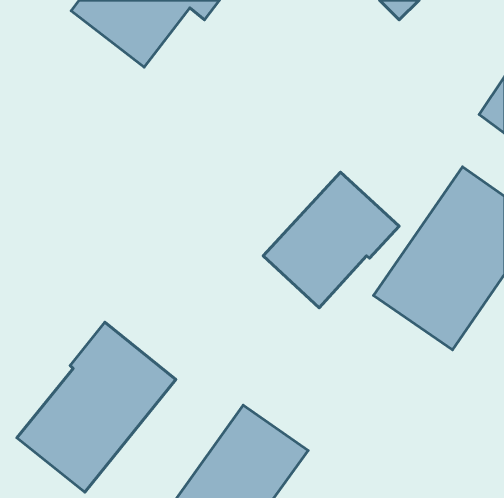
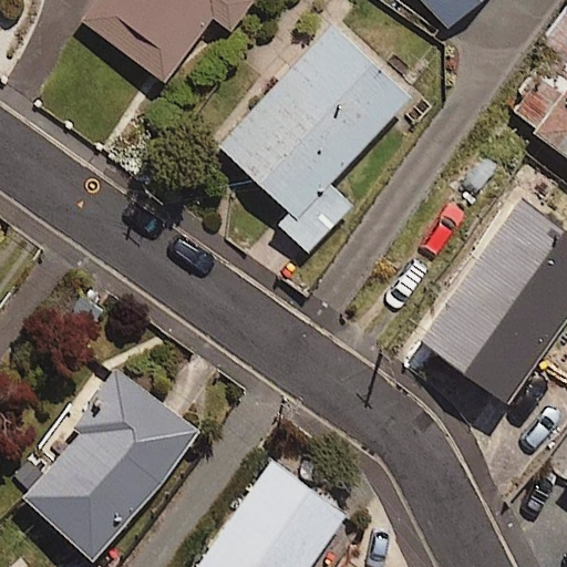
building: none -> [215,25,410,254]
building: [263,172,399,308] -> none

